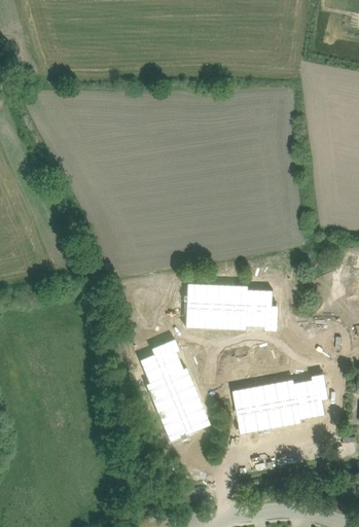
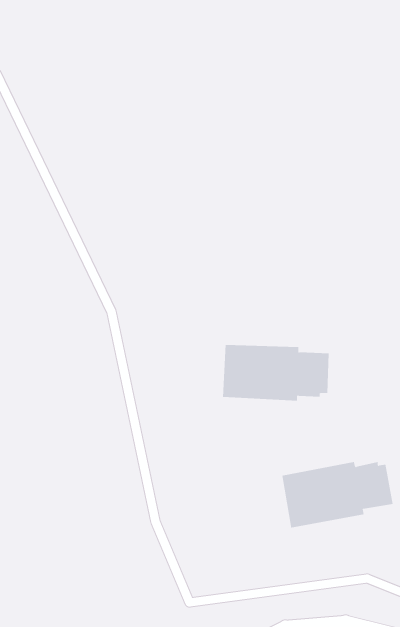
building: [139,347,210,441] -> none

